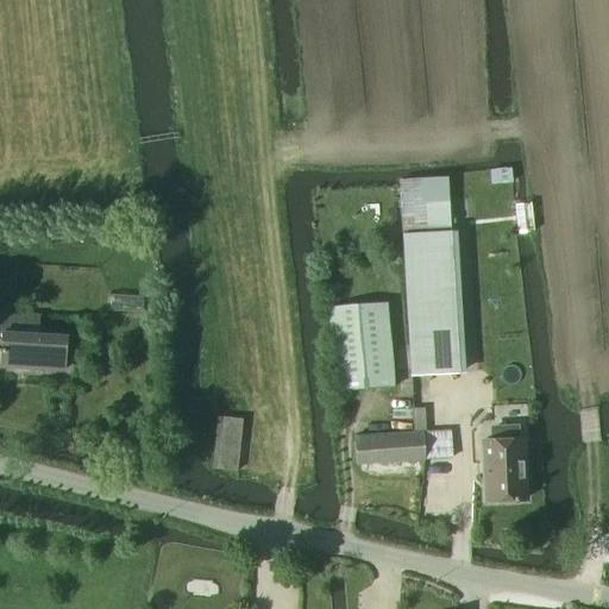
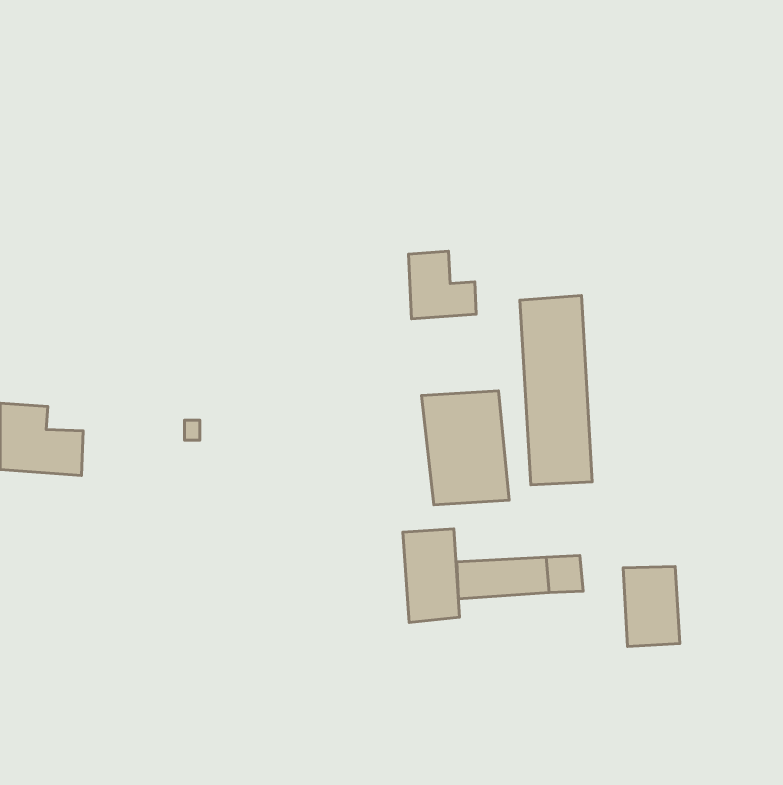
building: [400,176,452,228] -> [409,251,476,319]
building: none -> [403,529,460,622]
building: [214,414,244,469] -> none

